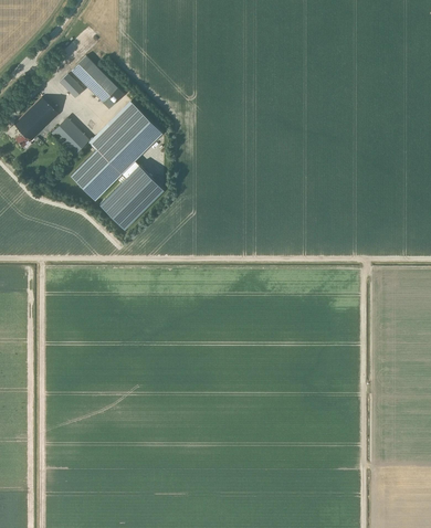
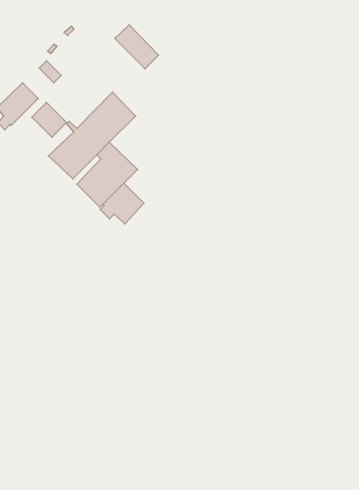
building: [71,56,117,103] -> [115,25,159,69]
building: none -> [100,183,144,224]

